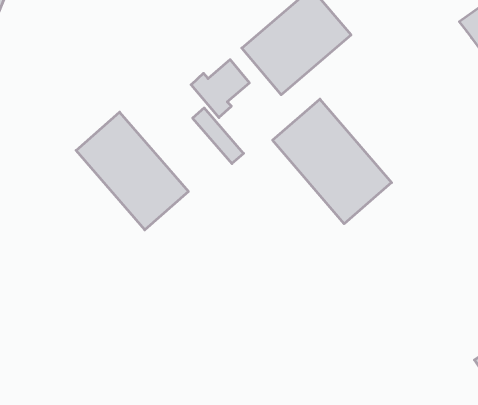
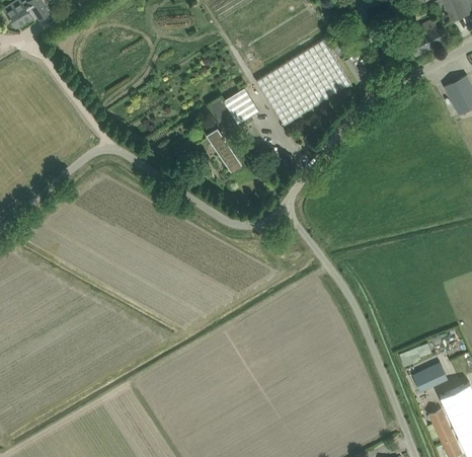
building: [273,99,392,224] -> none
building: [76,112,188,230] -> none

